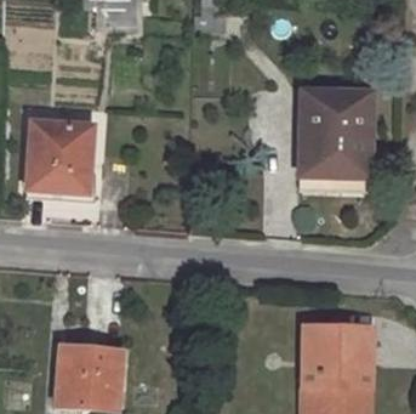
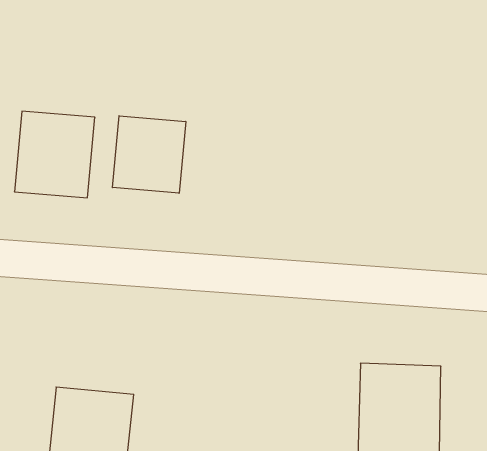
building: [298,92,369,175] -> none
building: none -> [112,116,186,193]

